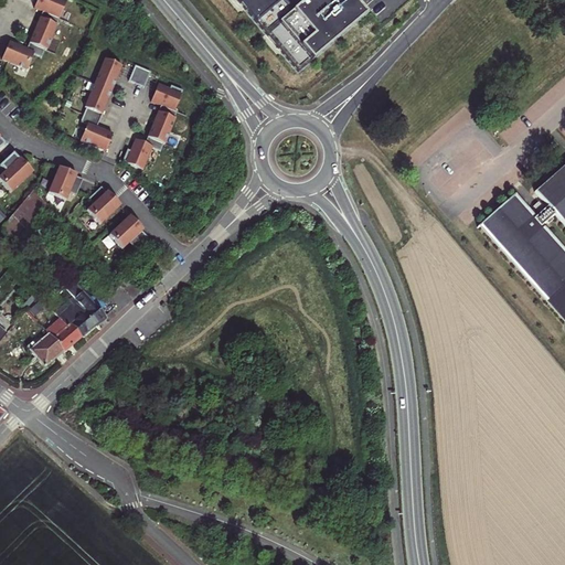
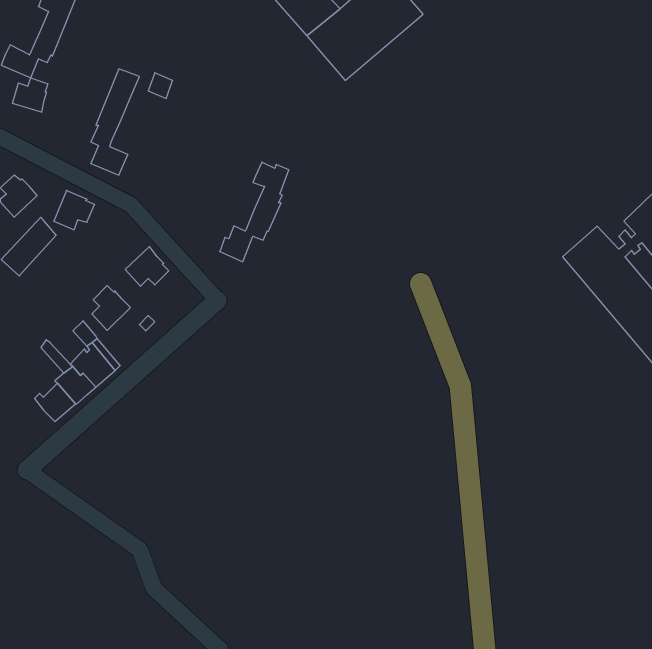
building: none -> [13,78,48,112]
building: [122,82,182,168] -> [220,162,289,262]
building: [87,184,120,223] -> [92,286,130,330]

